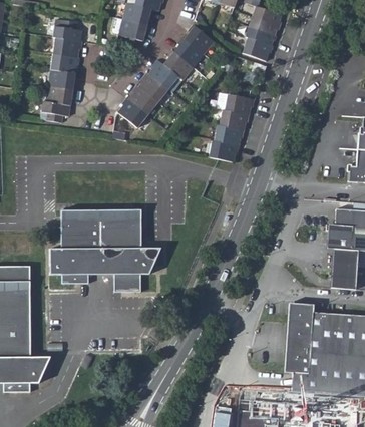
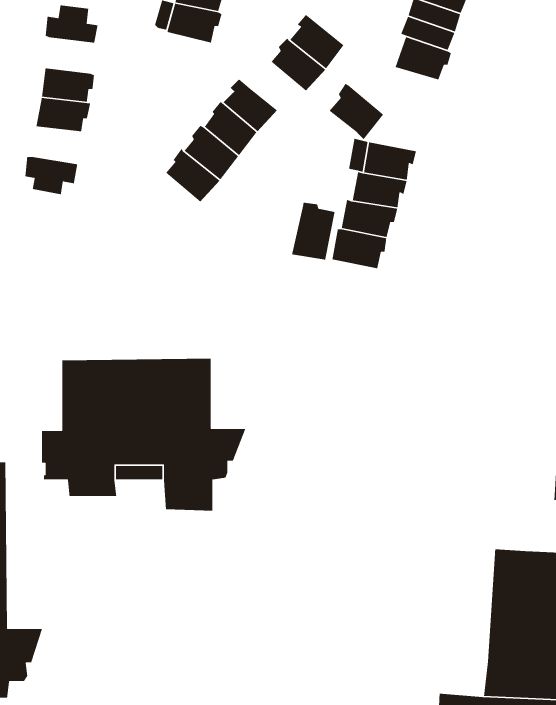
building: [53,36,82,55] -> none
building: [164,48,195,79] -> [329,83,384,140]
building: [46,84,75,104] -> none
building: none -> [291,202,336,260]
building: [285,305,314,374] -> none

